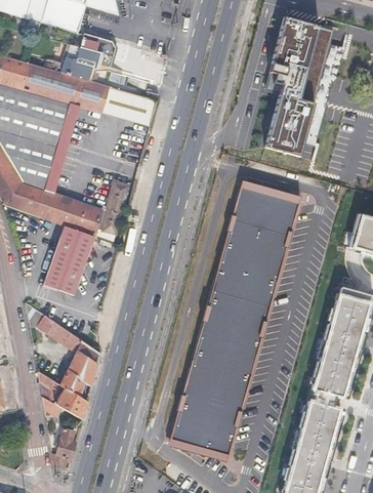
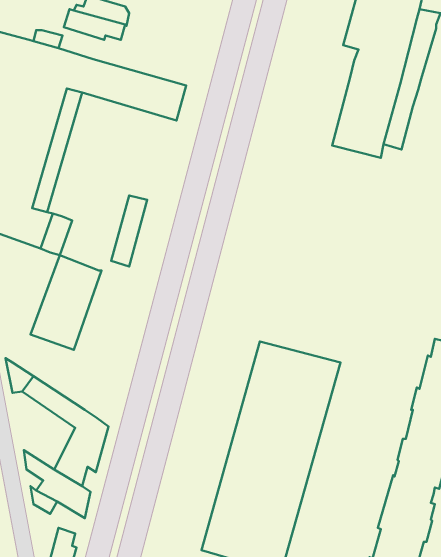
building: [63,57,96,81] -> none
building: [211,181,299,304] -> none
building: [64,200,101,237] -> none

